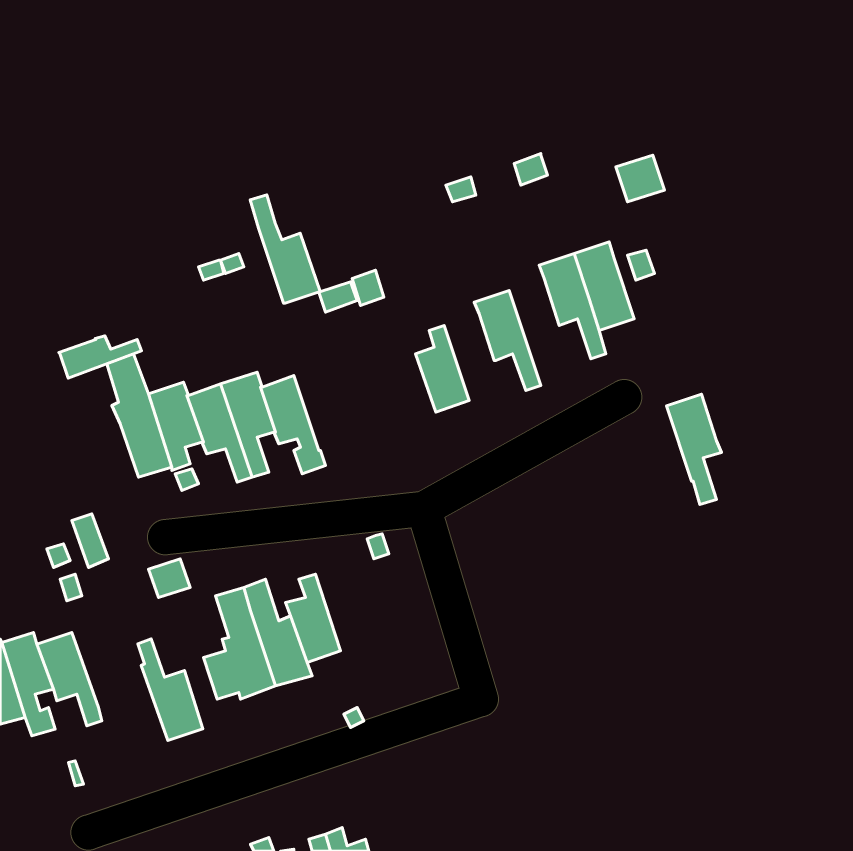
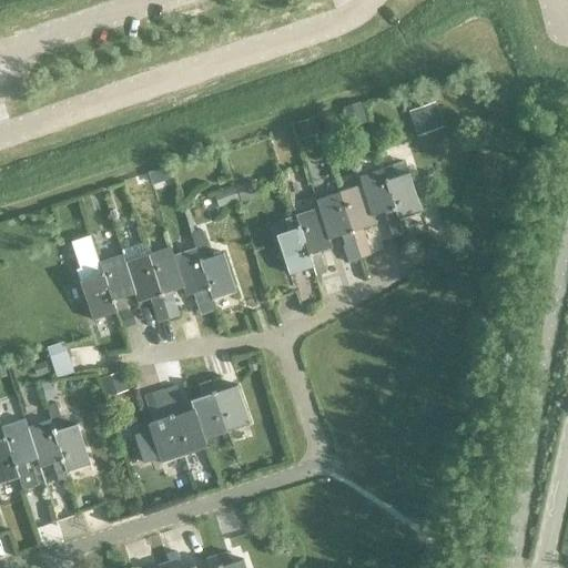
building: [250,195,320,303] -> [190,227,236,300]
building: none -> [295,209,332,276]
building: [59,336,141,378] -> none
building: [666,394,722,504] -> [338,185,375,258]
building: none -> [210,377,250,433]
building: [138,639,203,741] -> [45,403,89,470]

